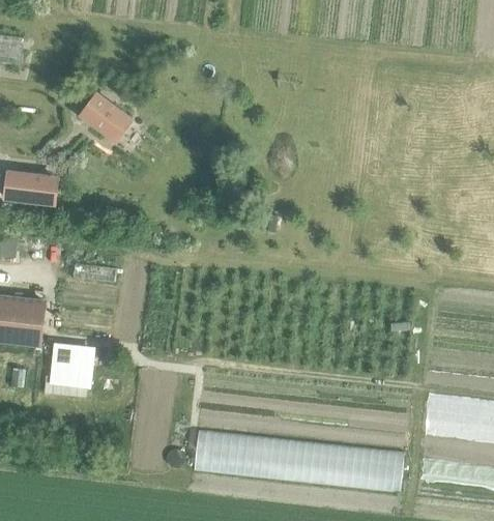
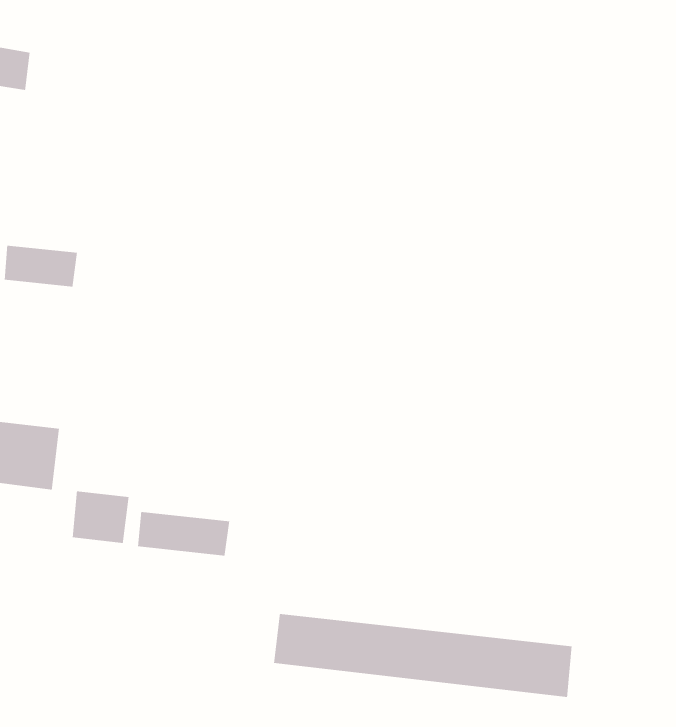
building: [80,94,128,139] -> none
building: none -> [137,511,230,557]

